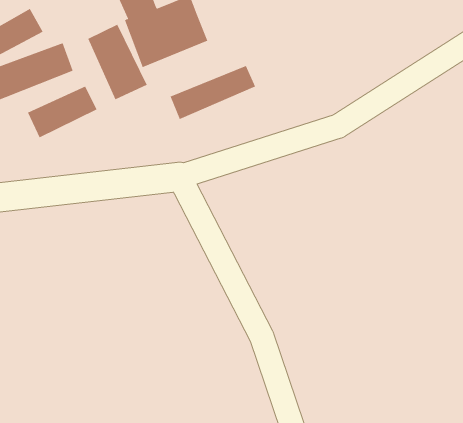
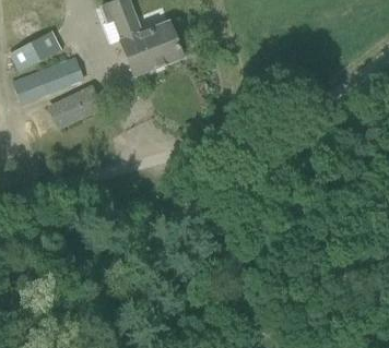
building: [88,24,147,100] -> none
building: [170,65,256,120] -> none

